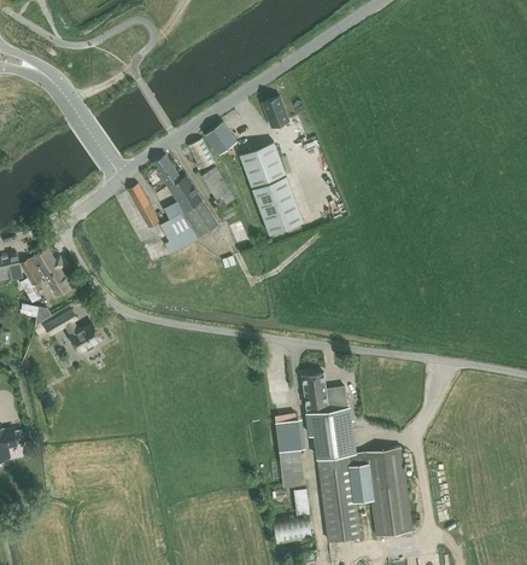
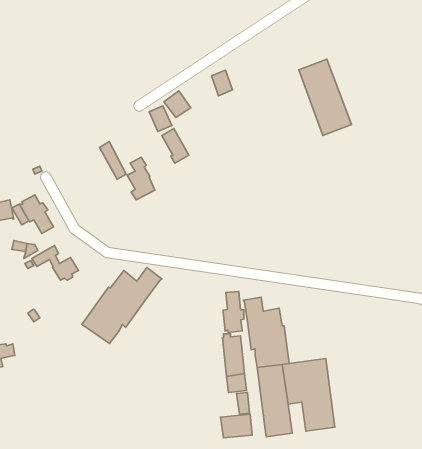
building: [239,141,303,234] -> [299,59,352,135]
building: [151,155,217,239] -> none
building: none -> [82,267,162,343]
building: none -> [223,291,244,333]

